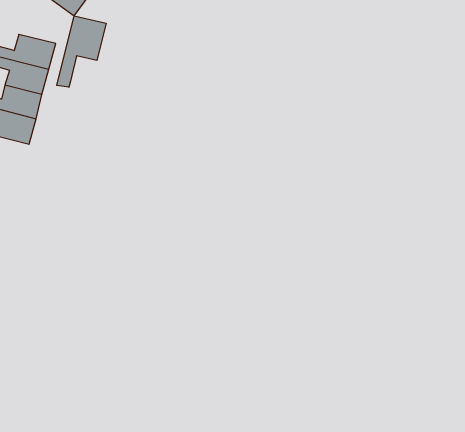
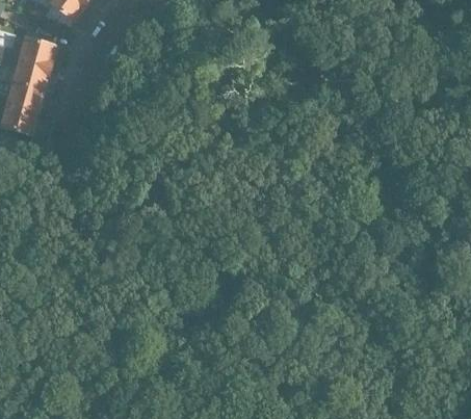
building: [57,16,106,87] -> none

